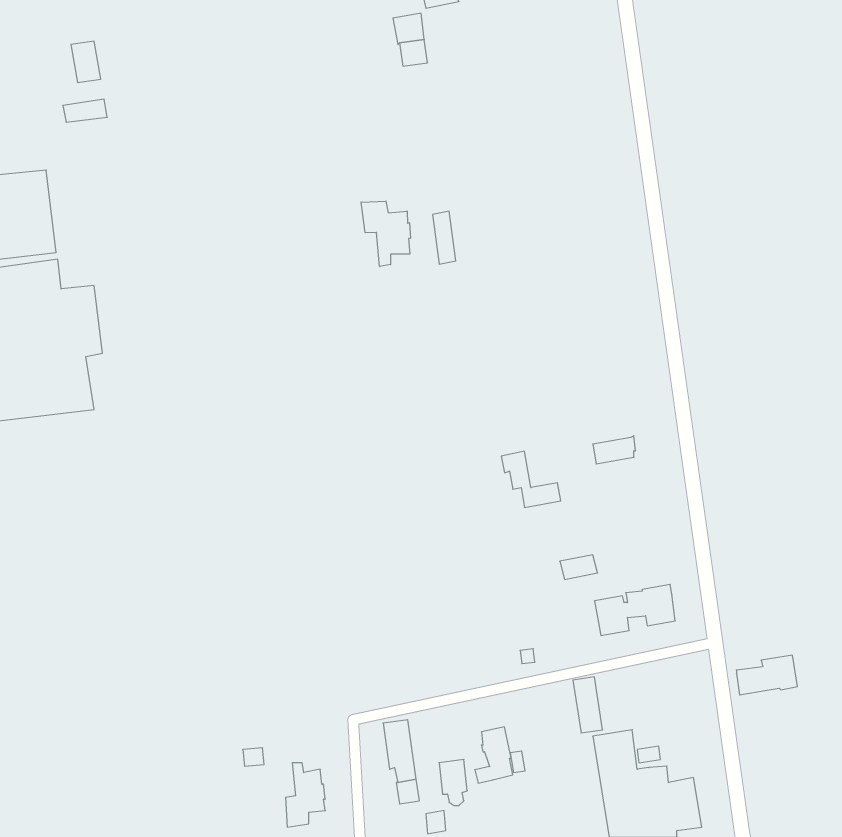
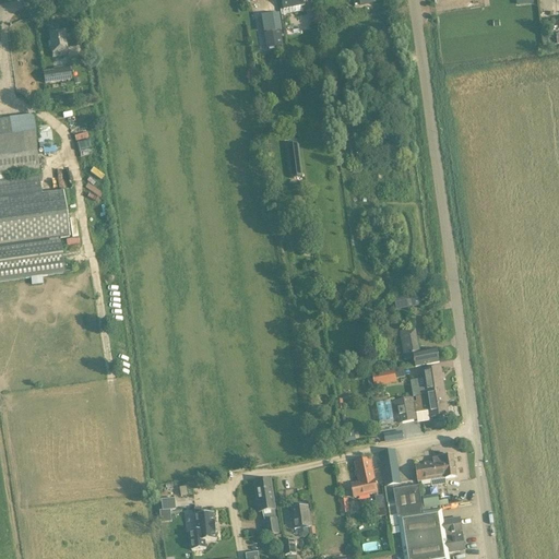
building: [361,201,410,267] -> none
building: [501,451,561,507] -> [399,326,438,364]
building: none -> [411,364,443,393]
building: [736,655,797,695] -> [415,452,455,478]
building: [475,727,513,783] -> [349,456,374,493]

